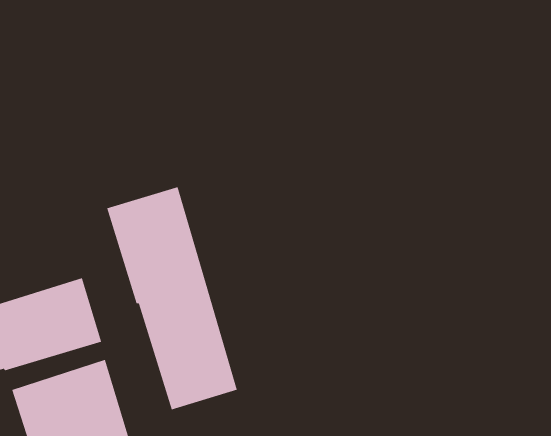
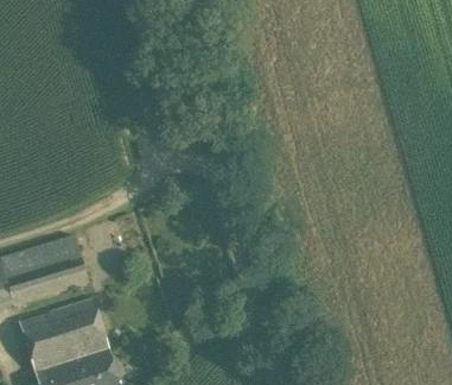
building: [106,186,238,410] -> none

